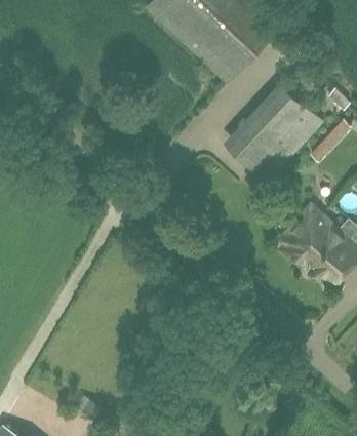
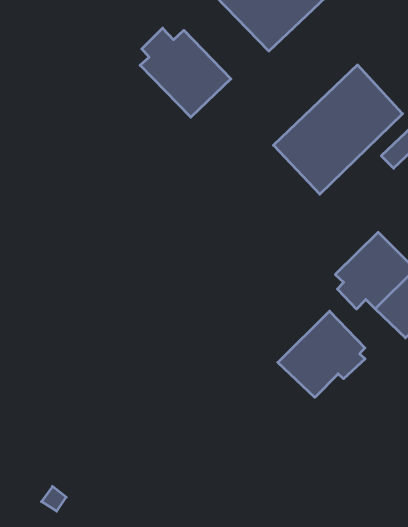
building: none -> [140,28,231,117]
building: none -> [278,311,365,397]

